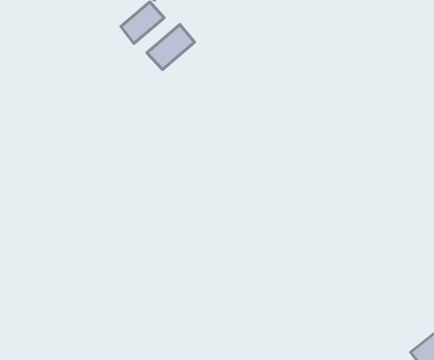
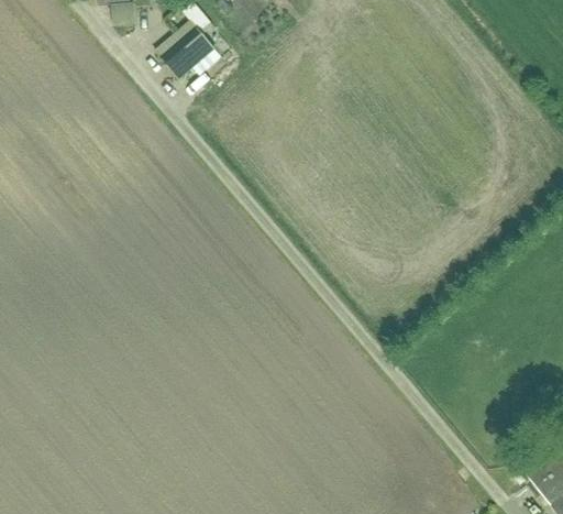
building: [147,25,194,70] -> none

